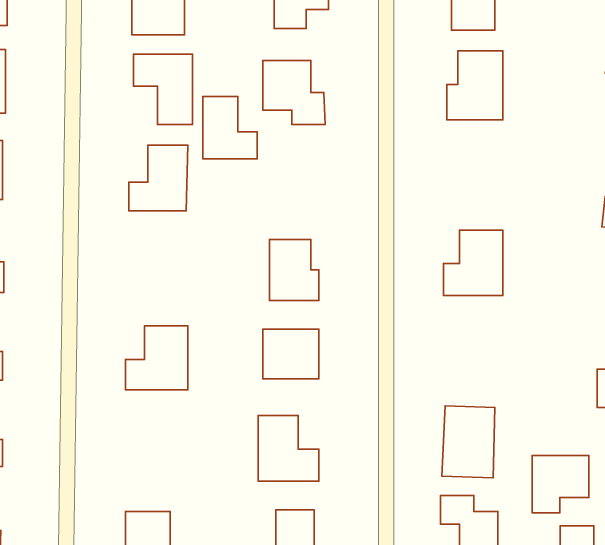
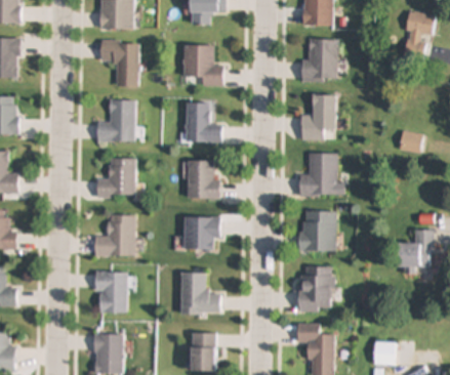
building: [203,97,257,159] -> [187,101,221,141]
building: none -> [301,94,335,139]
building: none -> [97,158,135,196]
building: none -> [301,210,335,251]
building: none -> [97,270,127,312]
building: [532,456,589,513] -> none

